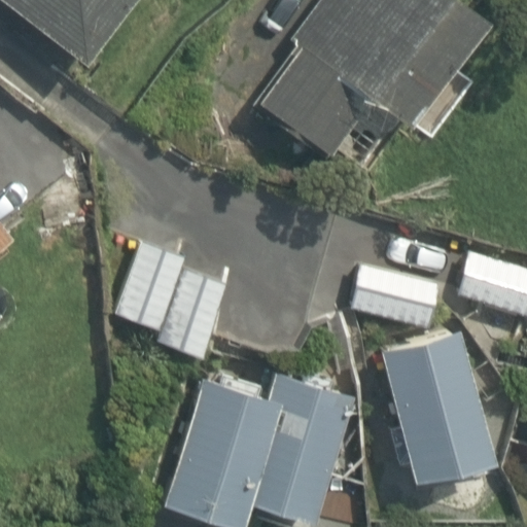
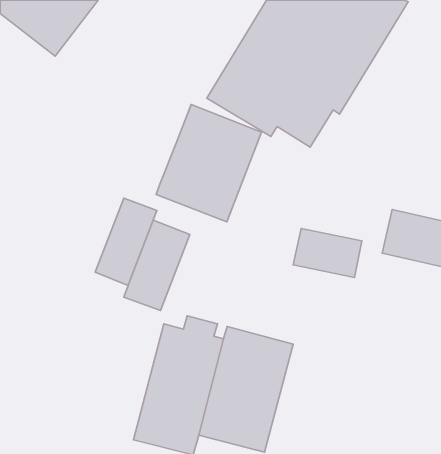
building: none -> [156,104,262,222]
building: [374,325,486,482] -> none

